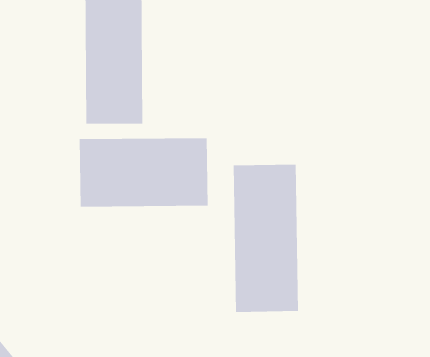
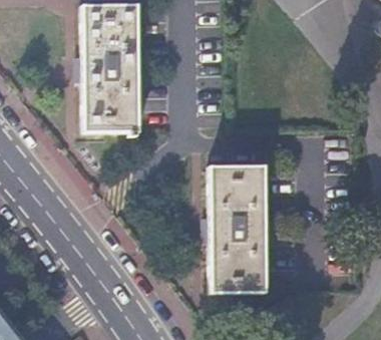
building: [79,137,208,207] -> none

